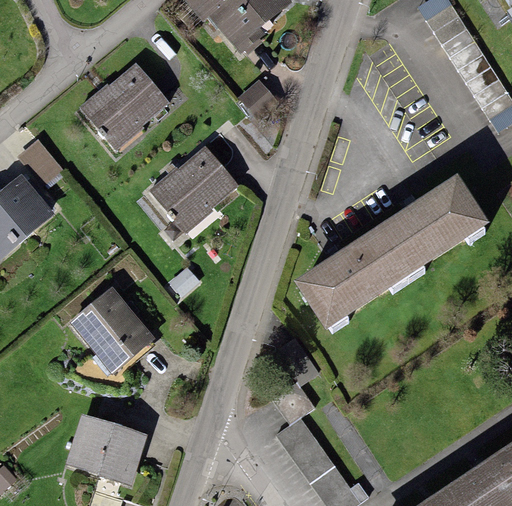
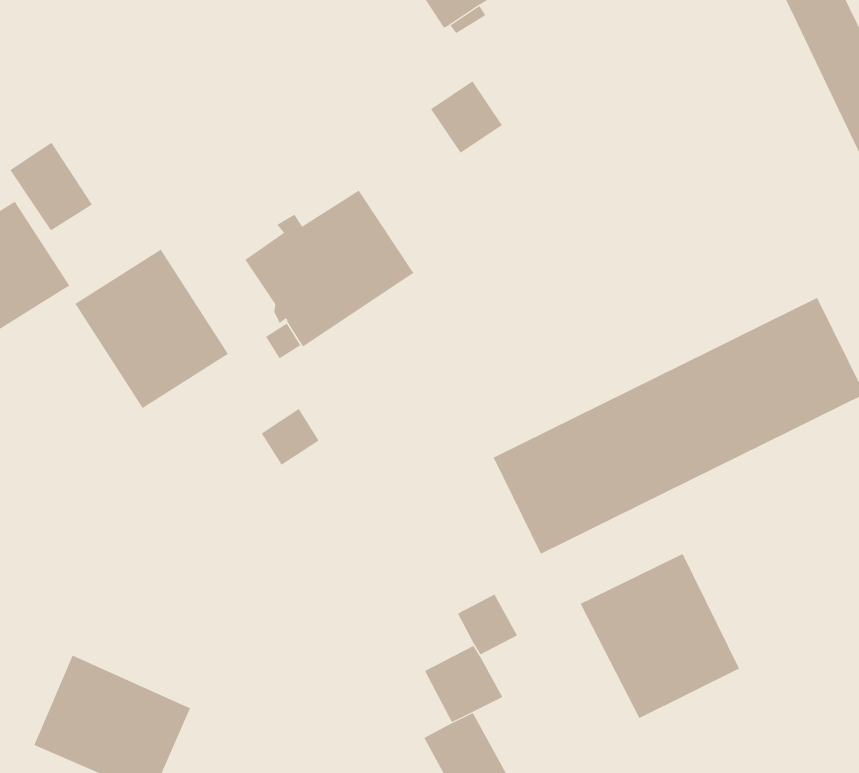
building: [80,62,170,148] -> none
building: [69,287,155,374] -> [75,249,229,409]
building: none -> [580,553,740,719]

